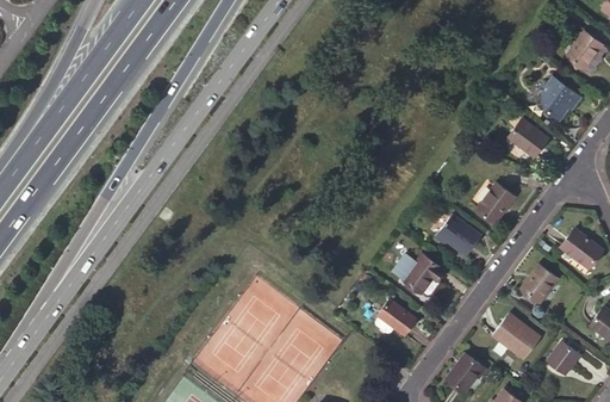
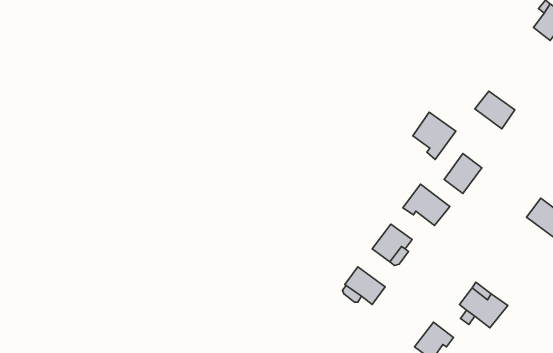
building: [534,74,580,120] -> none
building: none -> [413,112,456,159]
building: [521,264,559,302] -> none
building: [548,341,579,373] -> none

